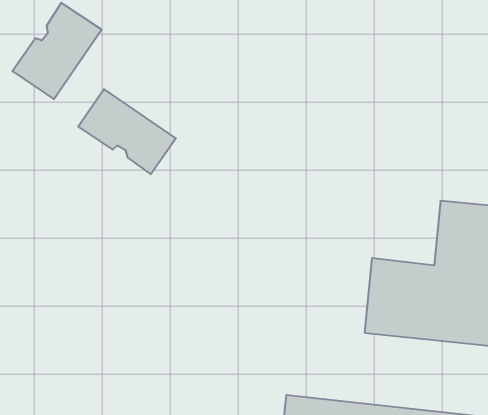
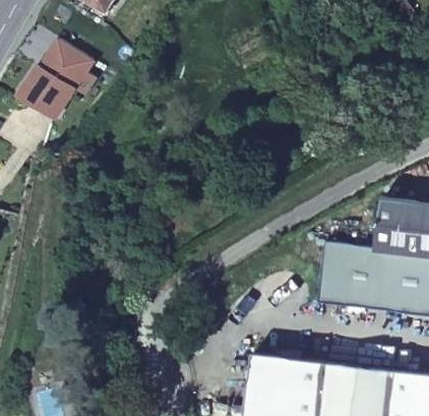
building: [78,89,176,174] -> none

